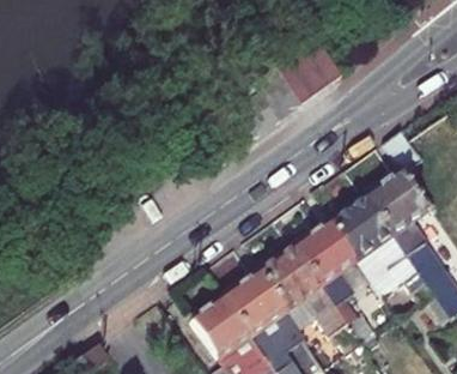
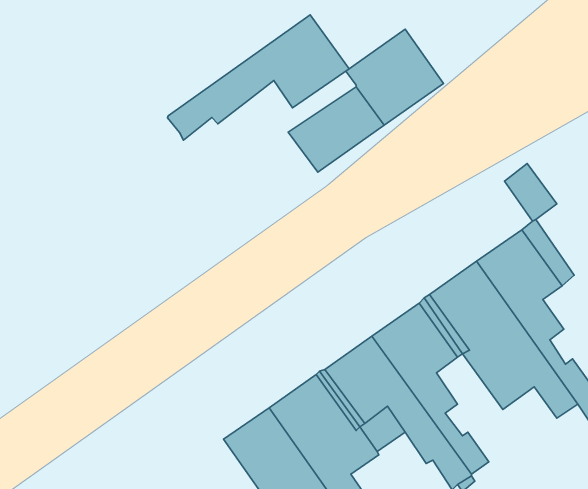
building: none -> [168,15,349,140]

